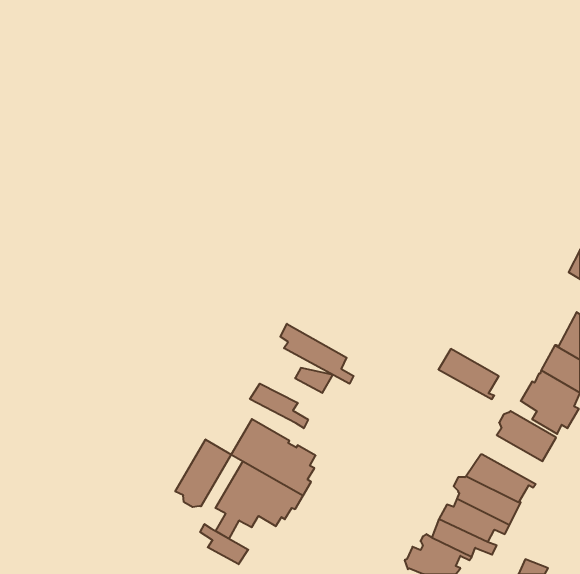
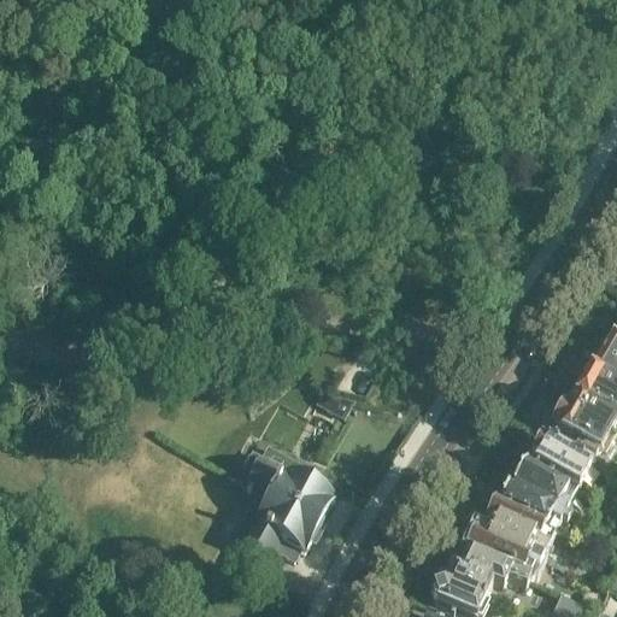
building: [280,324,354,384] -> none
building: [438,349,499,399] -> [510,459,574,512]
building: [250,384,308,428] -> none
building: [175,439,231,507] -> none
building: [200,524,248,564] -> none

